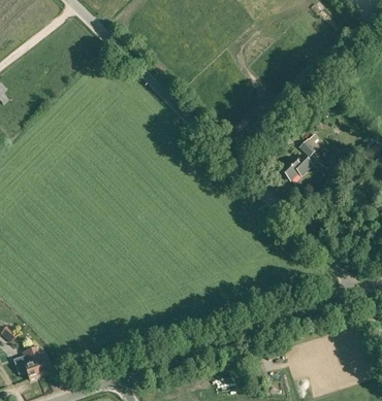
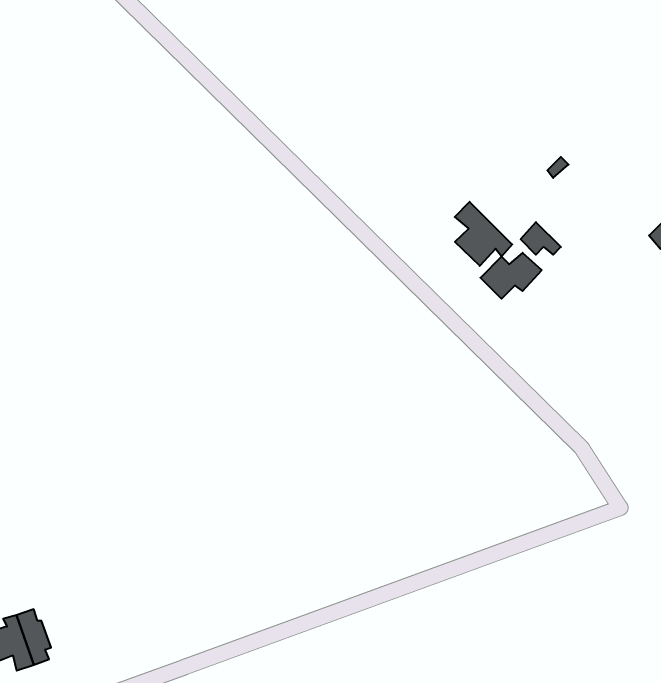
building: none -> [455,202,512,266]

